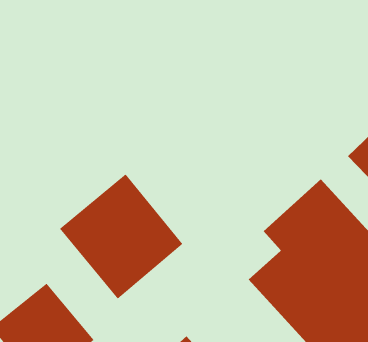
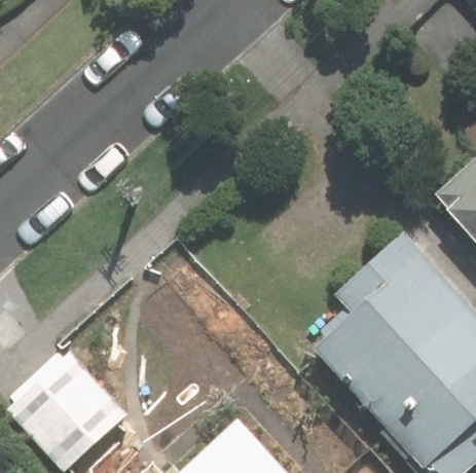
building: [59,173,183,299] -> none

